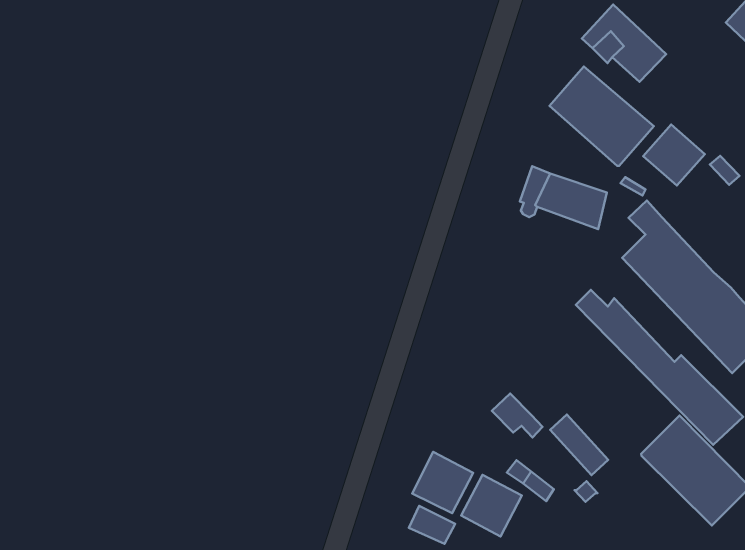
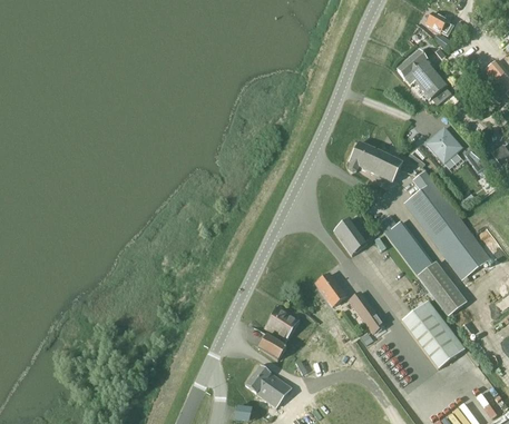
building: [549,66,654,166] -> none
building: none -> [334,218,366,255]
building: [461,475,522,536] -> none

